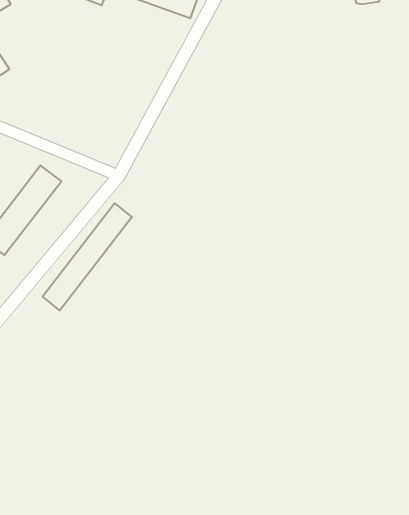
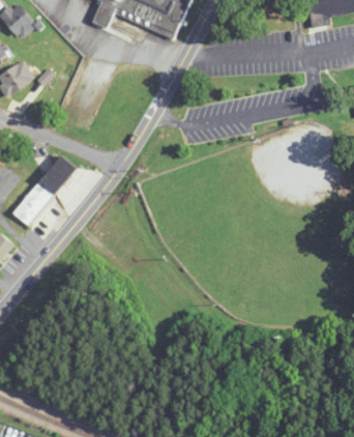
building: [43,203,132,310] -> none

